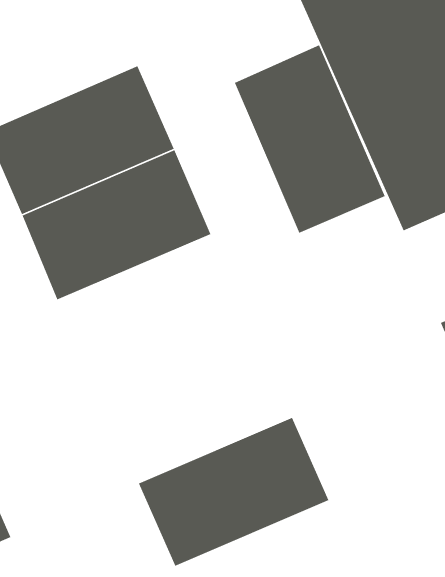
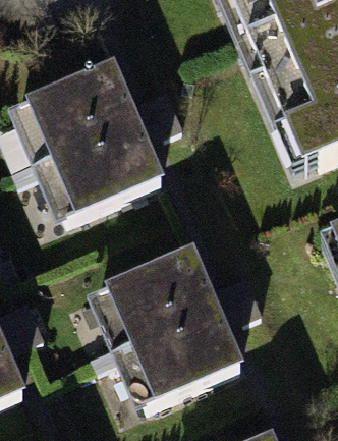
building: [234,44,386,234] -> none
building: none -> [91,243,223,347]

